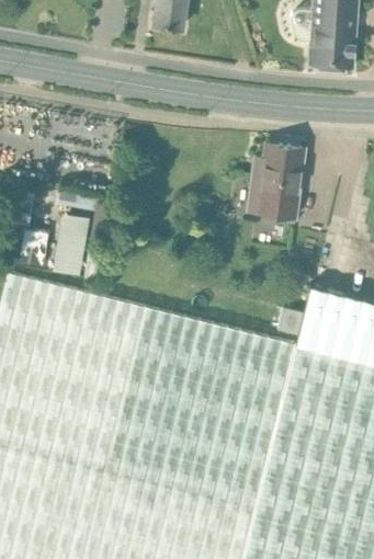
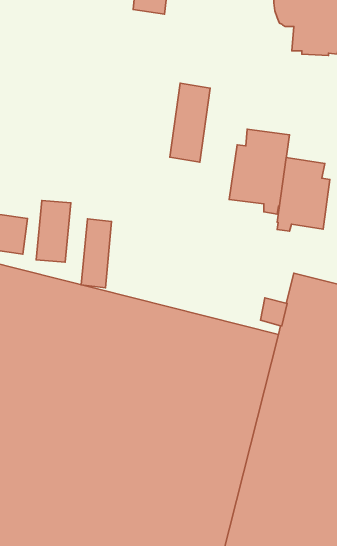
building: none -> [170,83,210,162]
building: none -> [277,158,330,231]
building: none -> [81,219,112,288]

